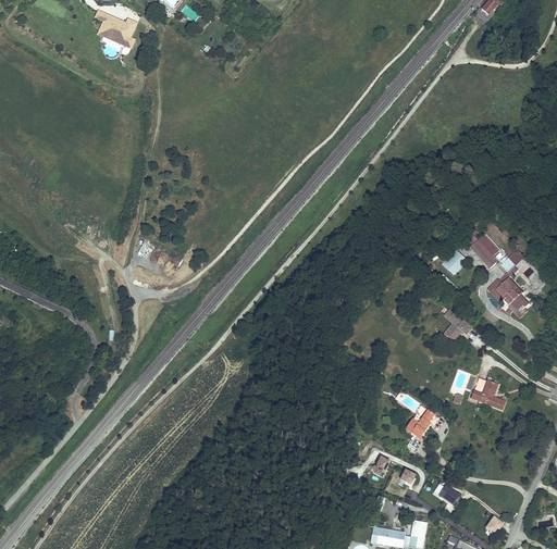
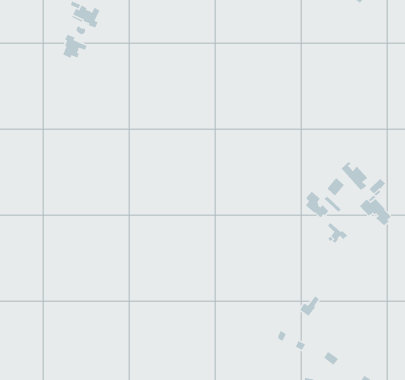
building: none -> [62,34,87,59]
building: none -> [305,191,329,218]
building: [470,377,504,410] -> none

